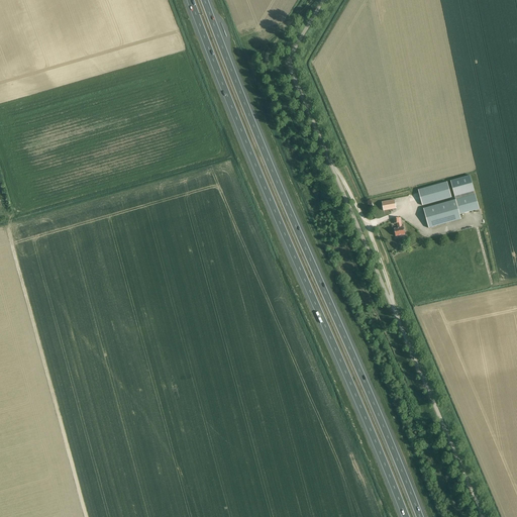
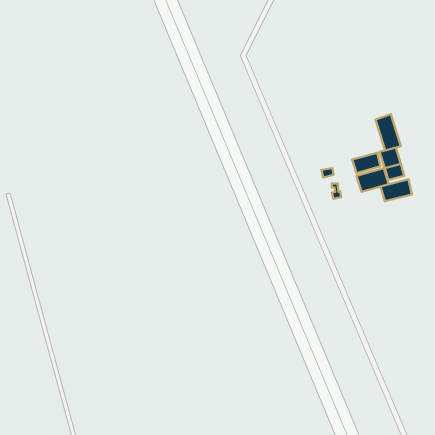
building: none -> [376,114,401,150]
building: none -> [380,179,412,201]

